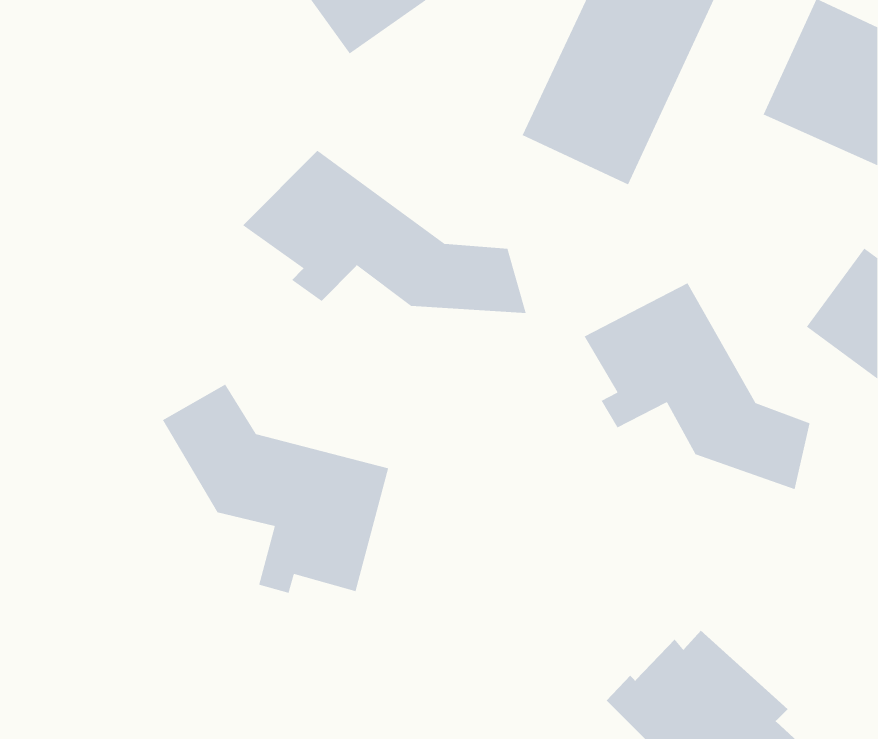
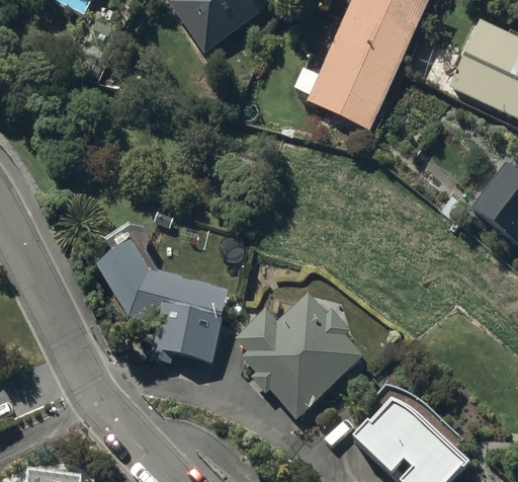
building: [242,150,527,314] -> none
building: [583,282,811,490] -> none
building: none -> [236,292,363,418]

